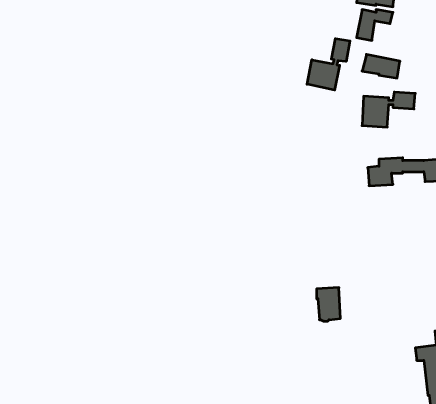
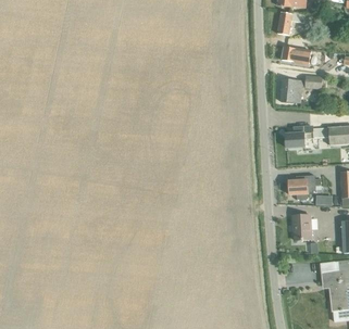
building: [307,39,350,90] -> none
building: none -> [289,175,321,199]
building: [317,288,340,321] -> [292,215,311,241]

